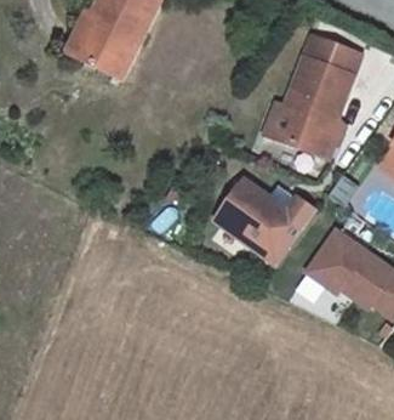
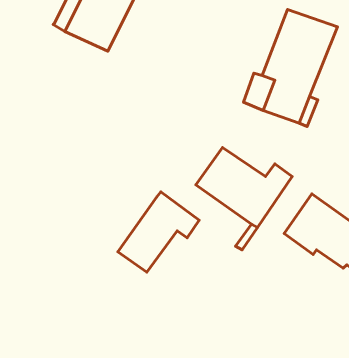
building: none -> [118,192,199,272]

